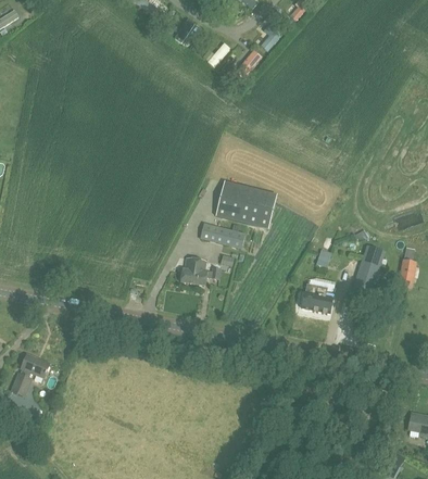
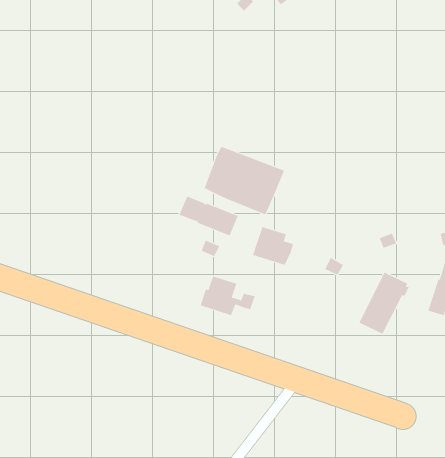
building: [179,256,221,285] -> [200,276,256,316]
building: [302,283,332,311] -> [252,227,294,266]

